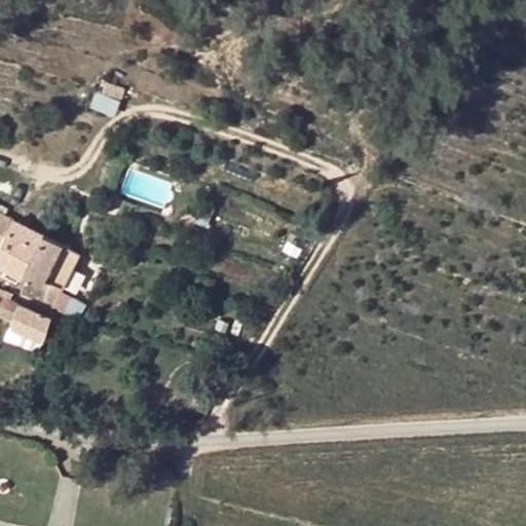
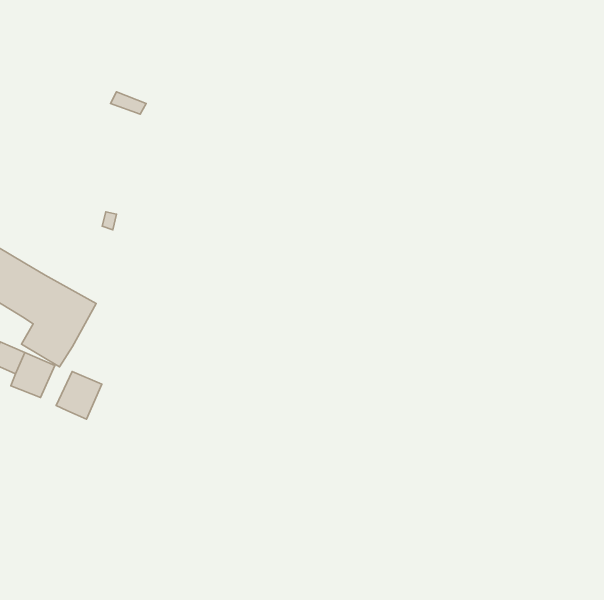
building: none -> [56,371,102,419]

